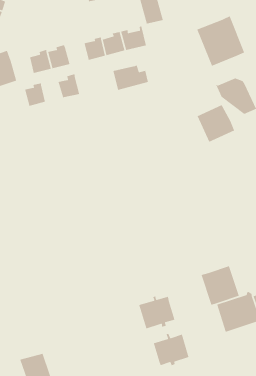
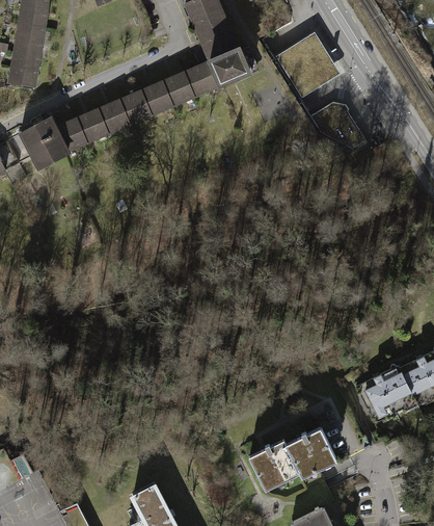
building: [112,64,149,91] -> [209,49,255,85]
building: [58,73,80,98] -> [120,90,151,124]
building: [24,83,46,107] -> [57,120,86,152]
building: [197,104,235,143] -> none
building: [200,265,240,306] -> none
building: [138,296,176,330] -> [249,442,298,488]

